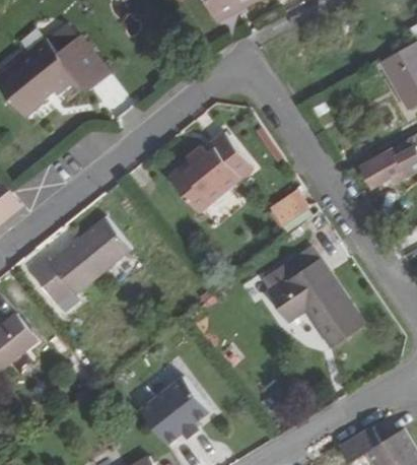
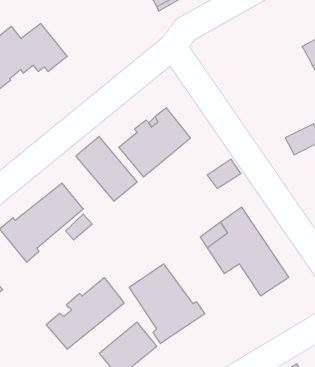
building: none -> [76,136,137,201]
building: none -> [129,264,205,344]
building: none -> [46,278,124,349]

